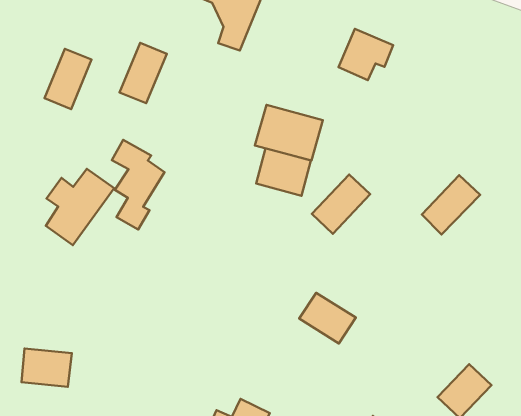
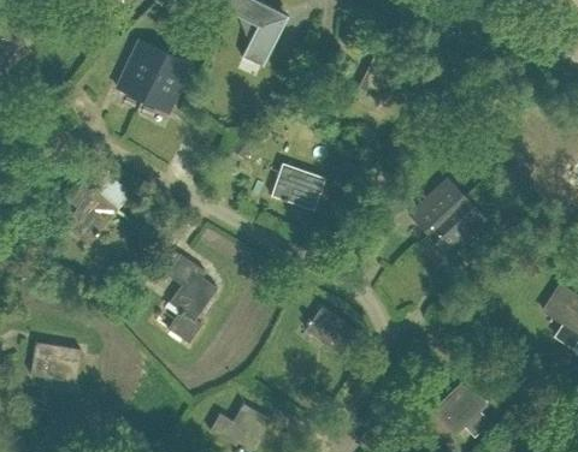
building: [44,49,92,109] -> [118,41,166,100]
building: [255,105,323,161] -> none
building: [112,140,165,229] -> [167,255,218,343]
building: [312,174,370,234] -> [411,179,468,236]

